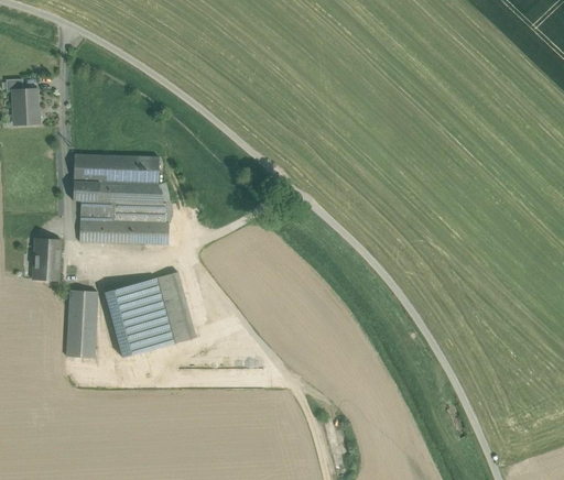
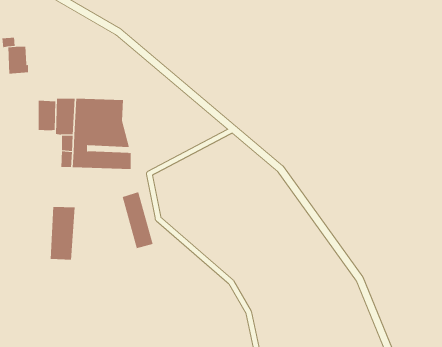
building: none -> [38,100,56,131]
building: [32,238,62,280] -> none
building: [105,277,174,357] -> none

